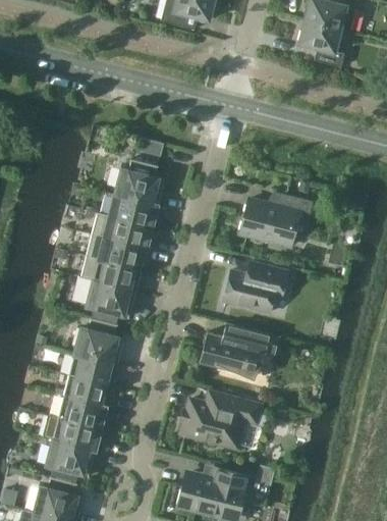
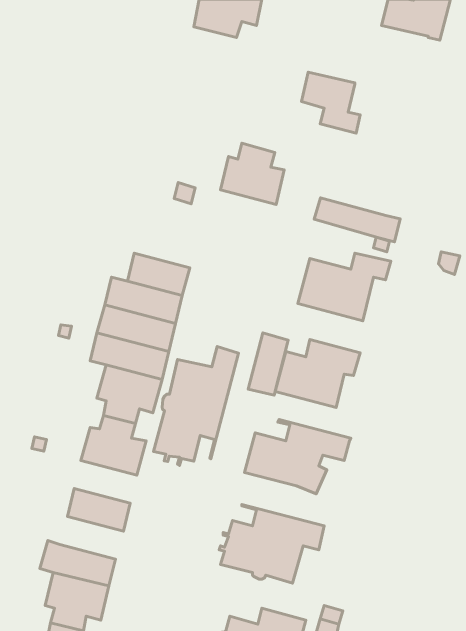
building: [297,21,342,68] -> [301,72,360,133]
building: none -> [314,198,400,242]
building: [113,160,162,207] -> [220,143,284,204]
building: none -> [248,333,288,395]
building: none -> [154,347,238,465]
building: [67,355,115,387] -> none
building: [56,398,105,430] -> none

